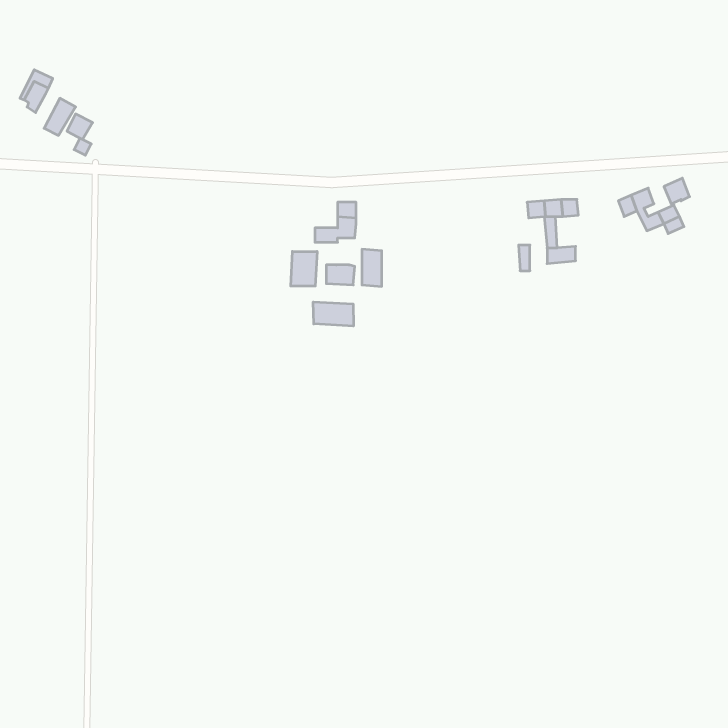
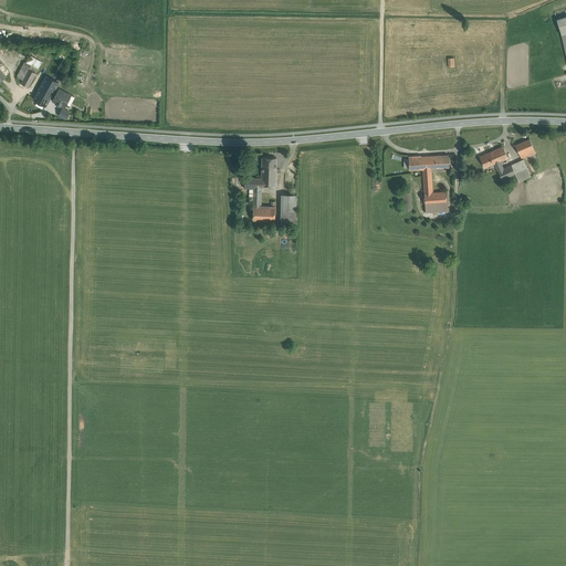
building: [291,251,317,286] -> none
building: [313,302,353,326] -> none

